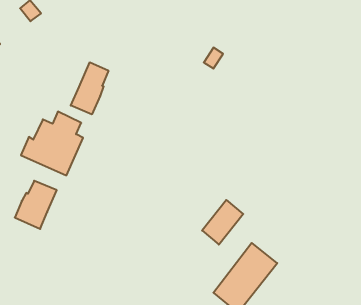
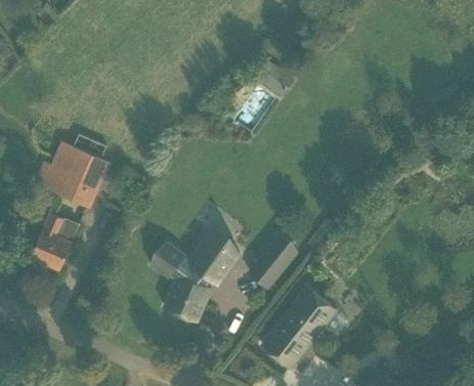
building: [71,62,108,114] -> none
building: none -> [149,231,239,321]

